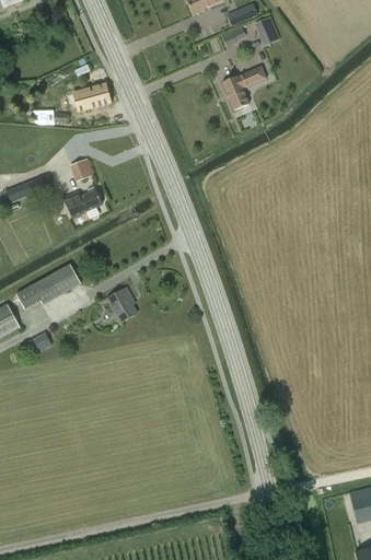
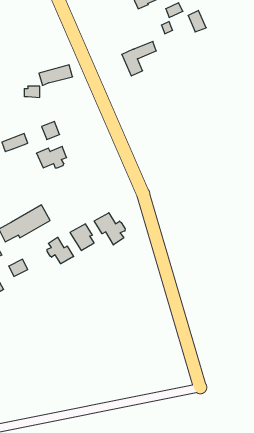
building: [222,66,266,109] -> [122,41,156,76]
building: none -> [94,213,125,245]
building: none -> [47,237,74,264]

